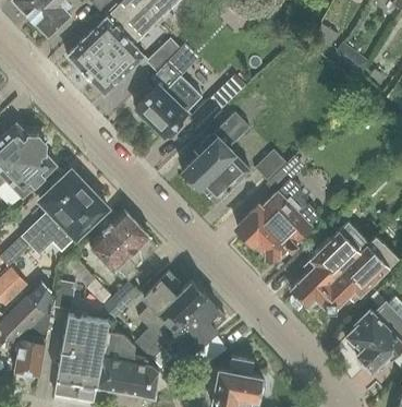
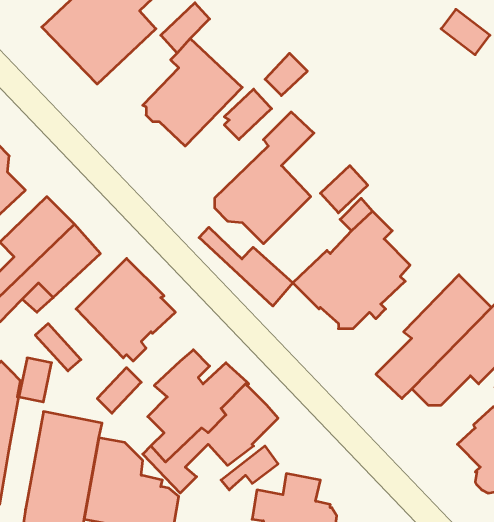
building: none -> [199,227,293,306]

